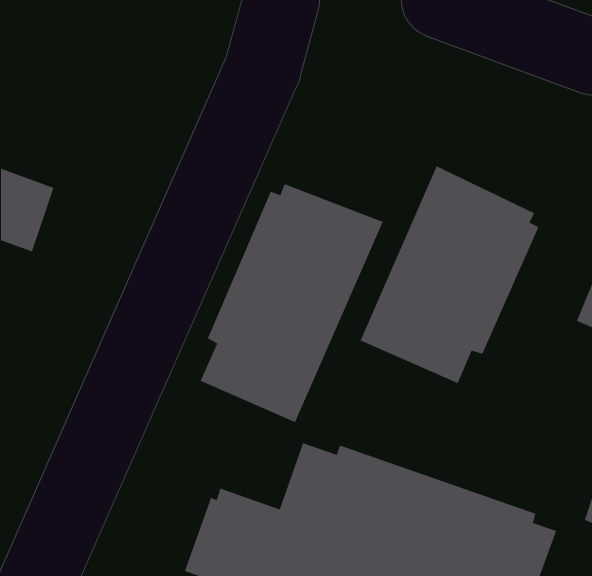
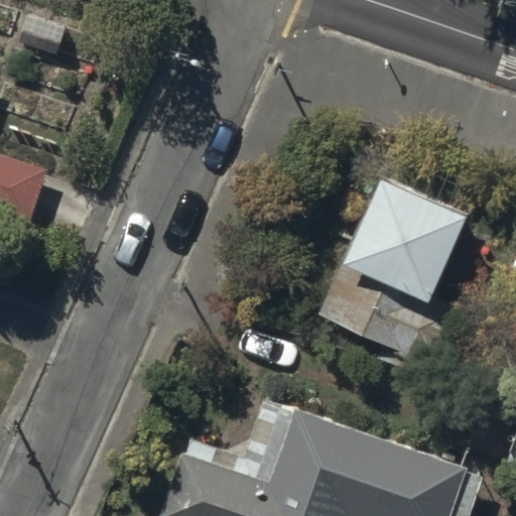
building: [200,183,384,423] -> none

